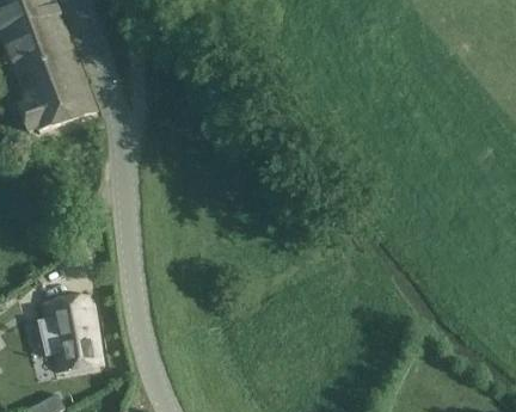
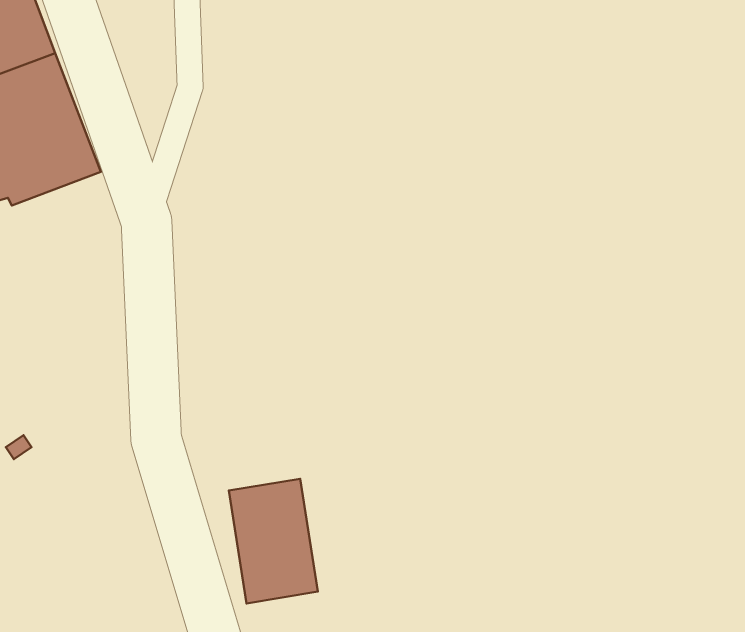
building: [47,295,100,370] -> [229,479,318,603]

